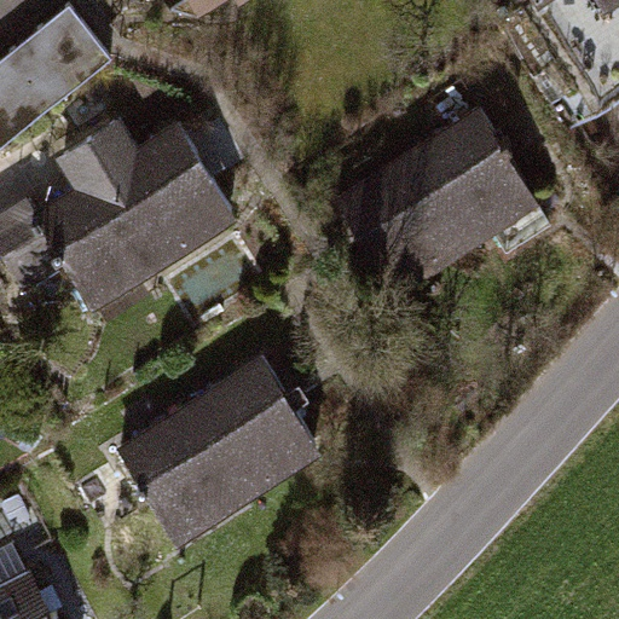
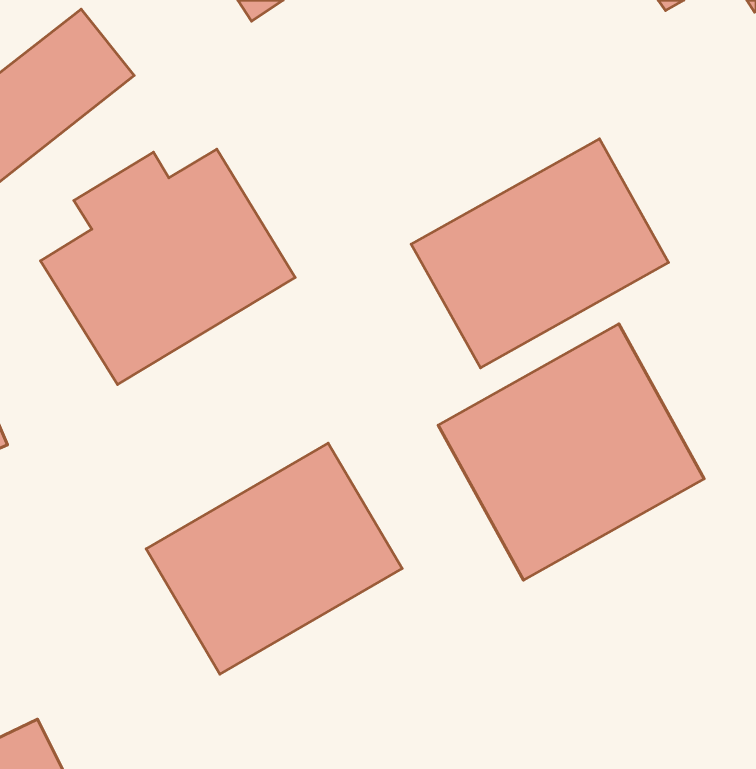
building: none -> [438,324,704,580]

